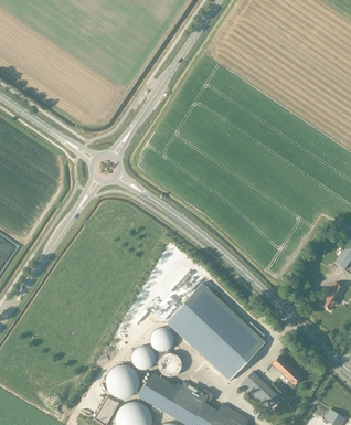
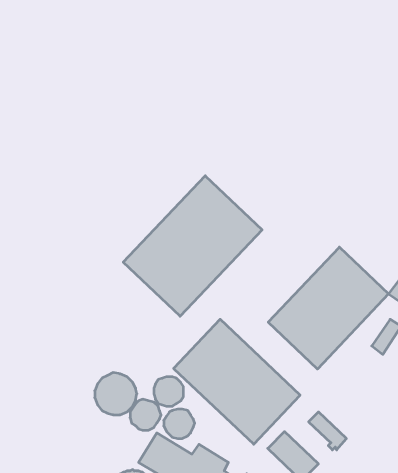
building: none -> [123,176,262,316]
building: none -> [268,247,389,369]
building: [106,364,139,397] -> [95,373,137,415]

